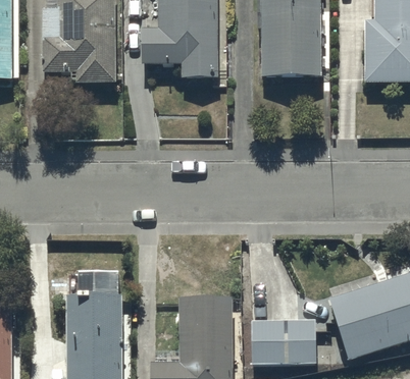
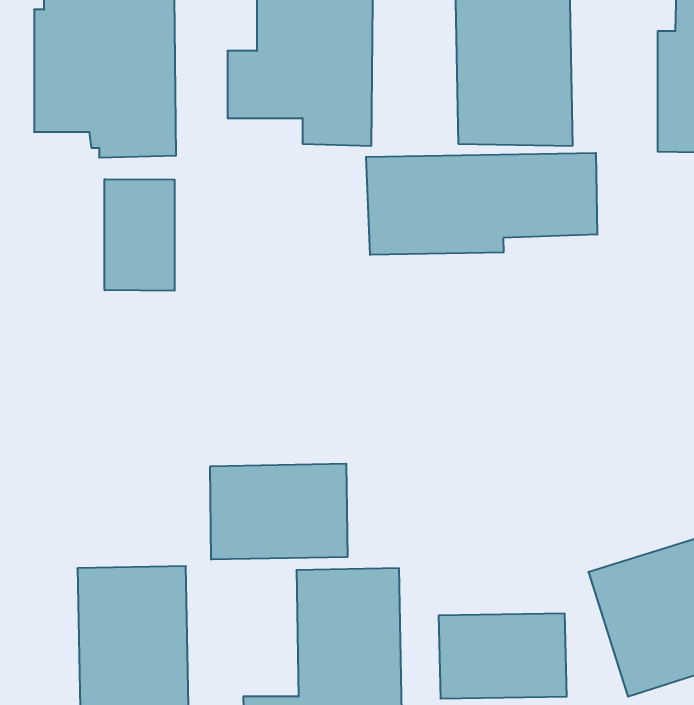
building: none -> [366,153,597,255]
building: none -> [105,179,175,291]
building: none -> [210,464,347,560]

